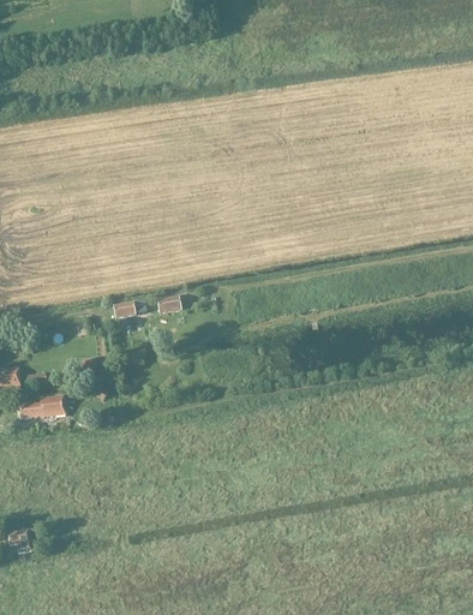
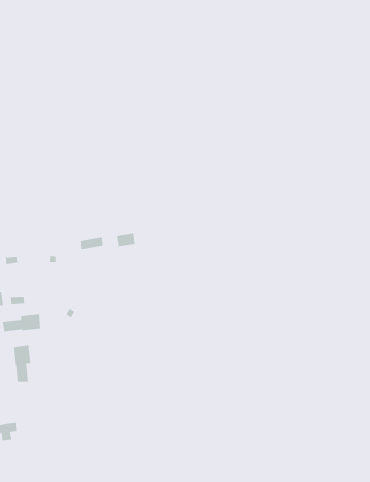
building: none -> [13,345,31,382]

